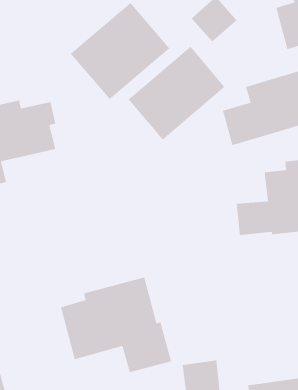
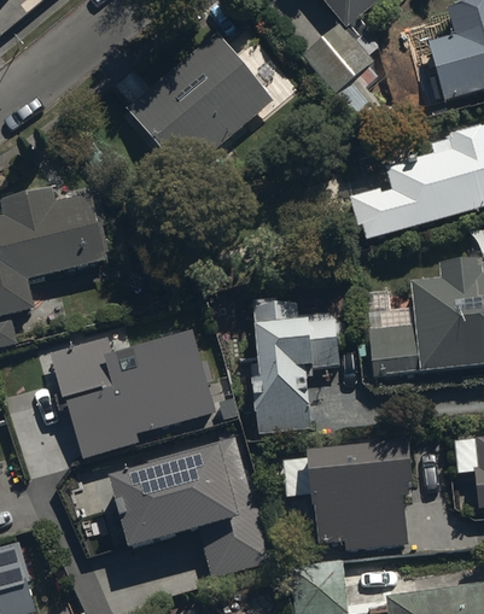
building: [128,46,225,140] -> none
building: none -> [250,291,338,429]
building: none -> [52,337,216,463]
building: none -> [307,431,410,542]

